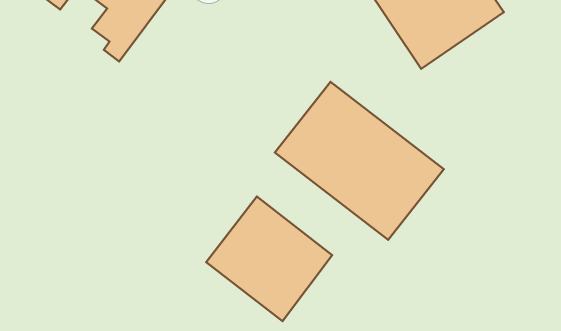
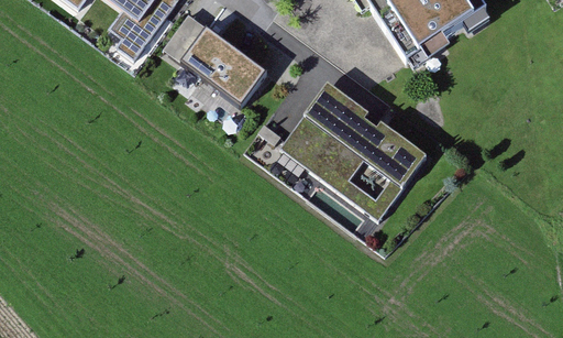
building: none -> [162,9,267,101]
building: [206,196,332,321] -> none

